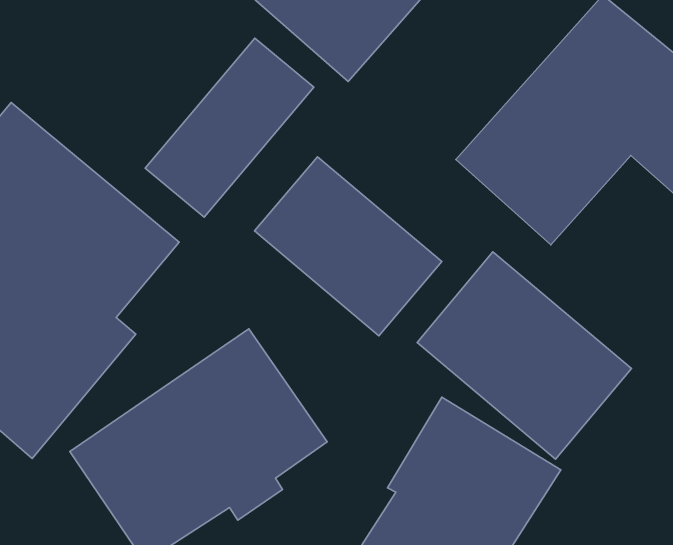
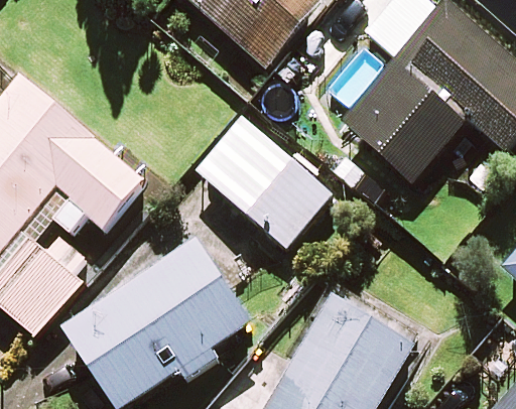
building: [145,38,314,217] -> none
building: [417,252,631,459] -> none

